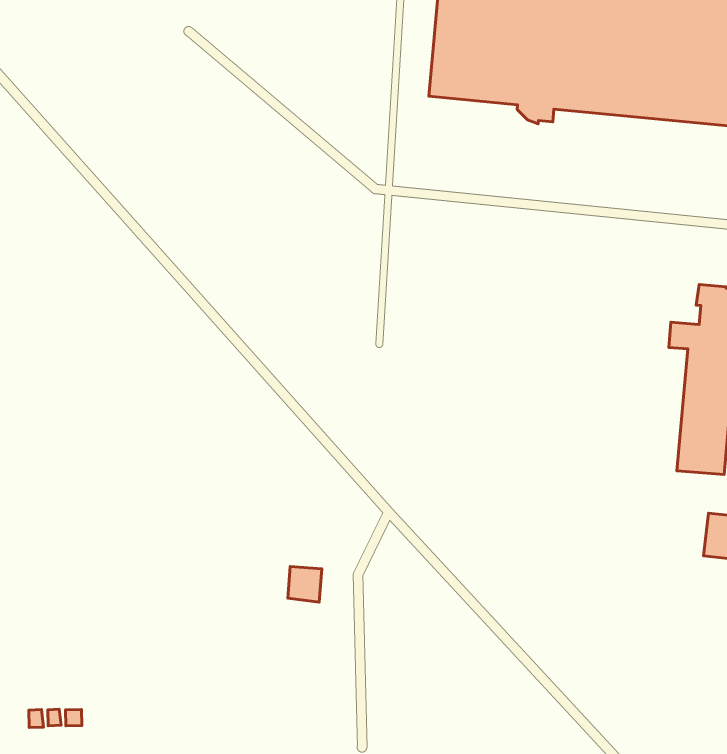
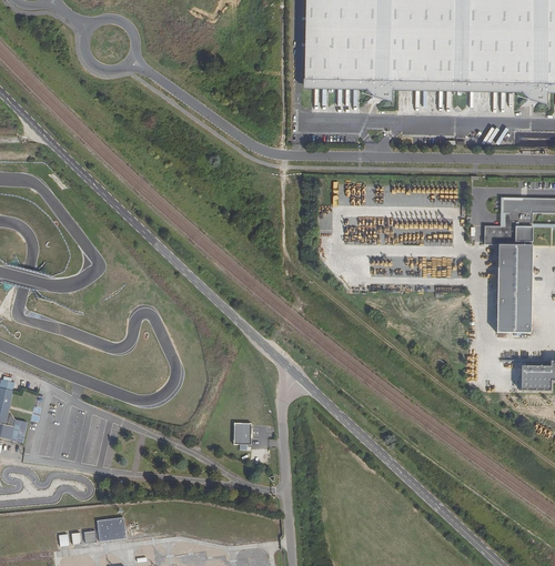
building: none -> [98,516,125,540]

